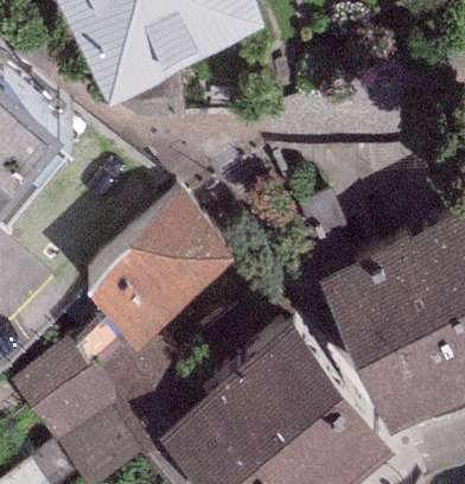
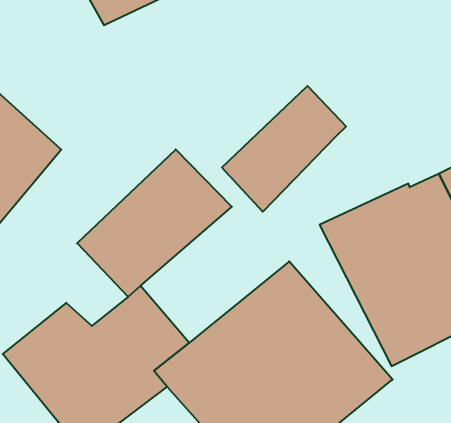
building: none -> [222,86,346,212]

